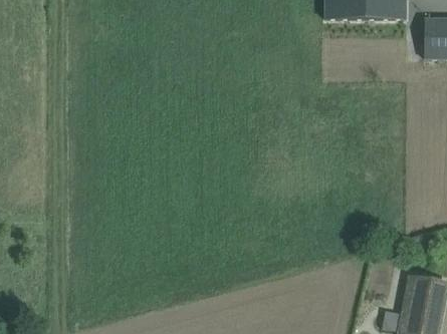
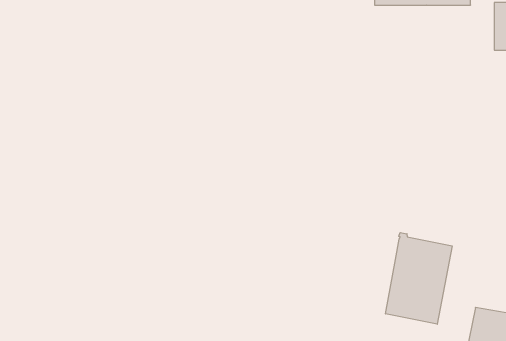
building: none -> [386,233,452,324]

